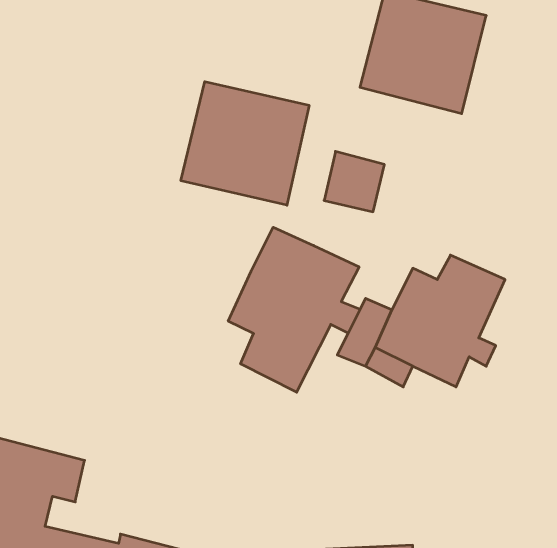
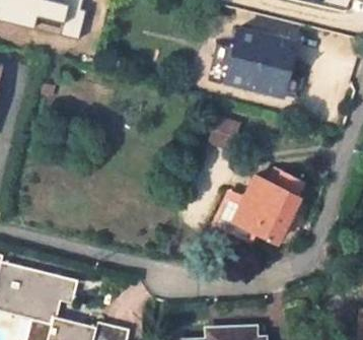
building: [181,82,309,205] -> none
building: [228,227,360,392] -> none

